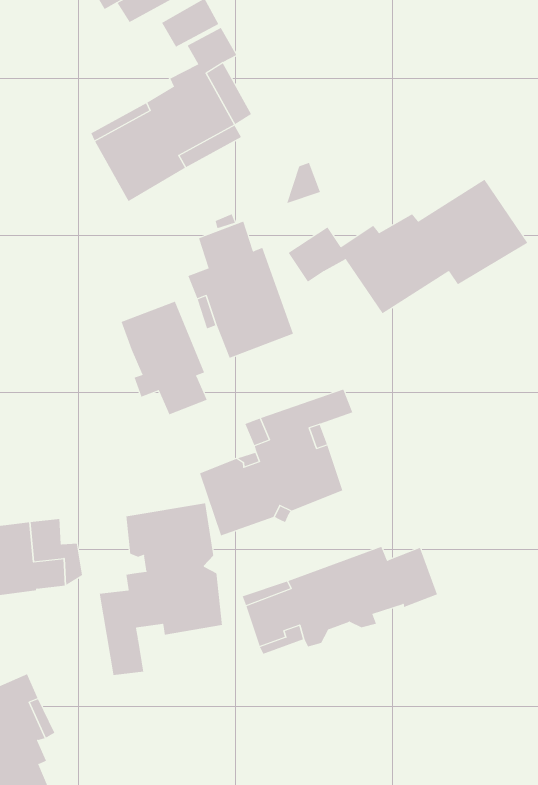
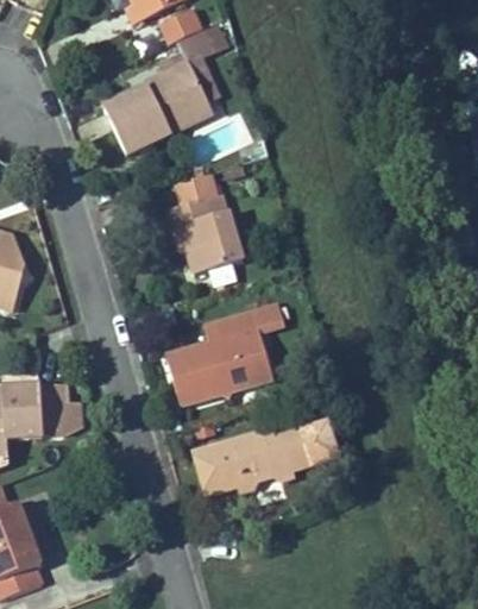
building: [288,179,528,314] -> none
building: [121,301,207,415] -> none
building: [99,502,222,676] -> none

